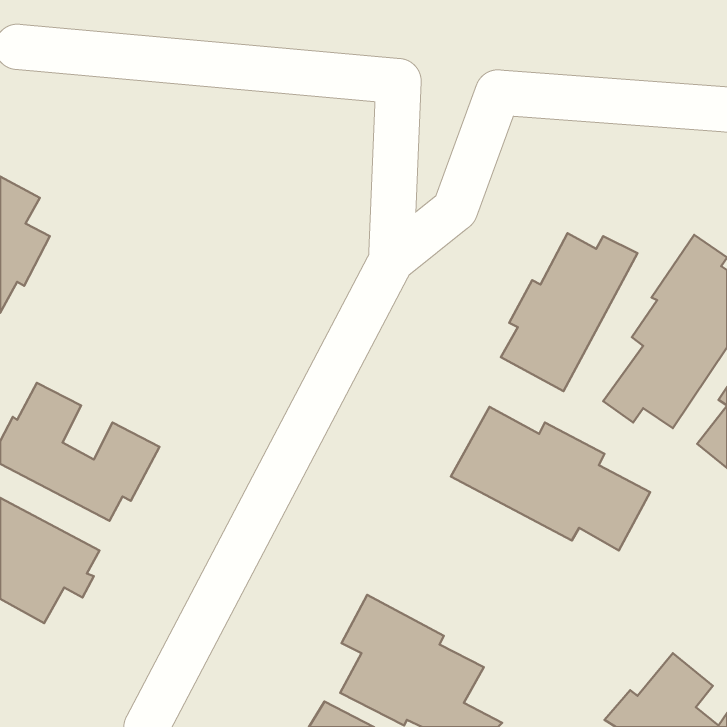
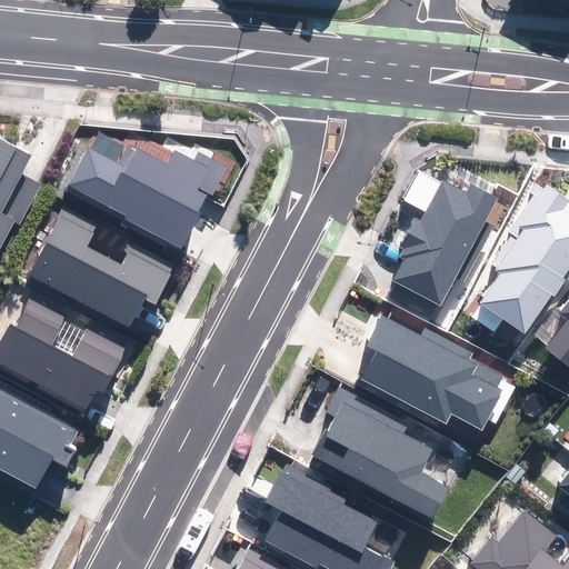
building: none -> [67,149,226,249]
building: none -> [28,207,174,328]
building: none -> [317,388,447,518]

